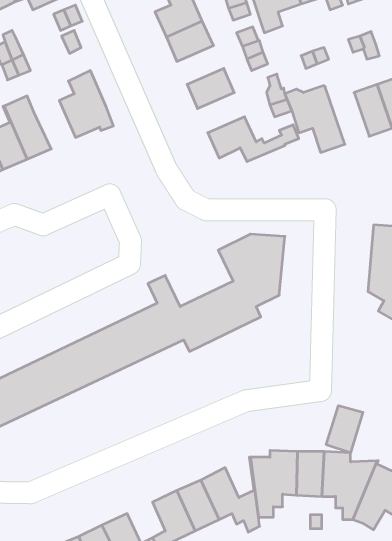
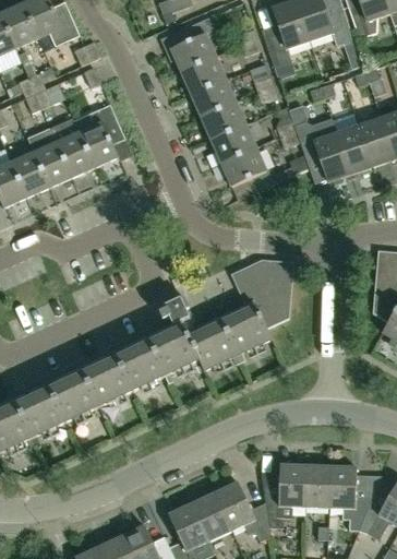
building: none -> [191,80,236,117]
building: none -> [332,112,373,174]
building: none -> [210,124,255,163]
building: none -> [56,132,95,178]
building: [326,406,363,453] -> none

